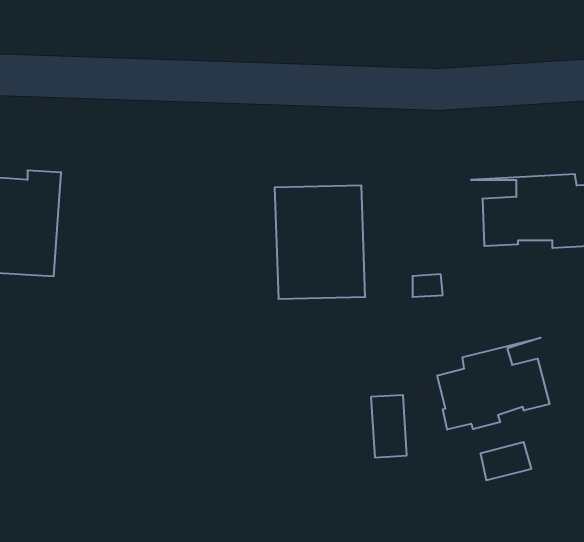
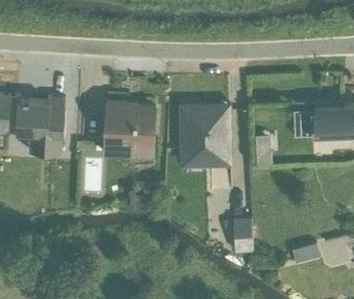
building: none -> [105,101,156,163]
building: [437,338,550,430] -> none

